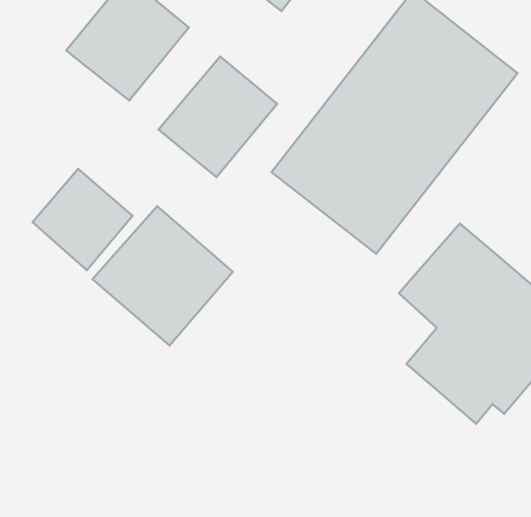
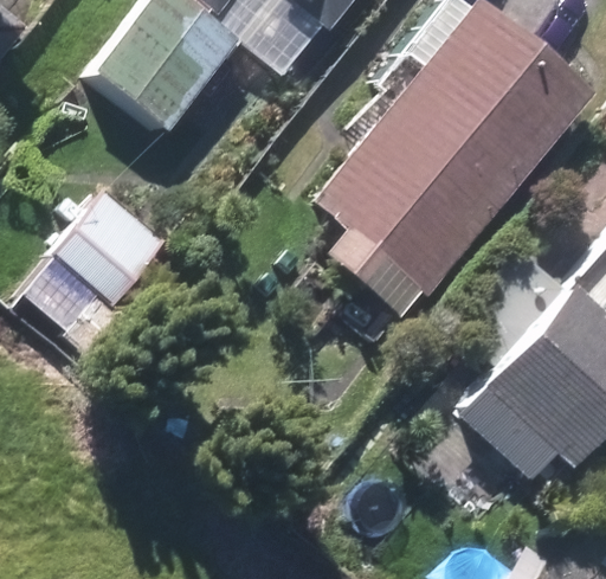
building: [158,56,277,177] -> none
building: [93,206,233,346] -> none

